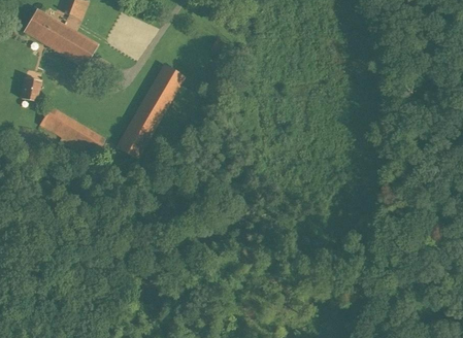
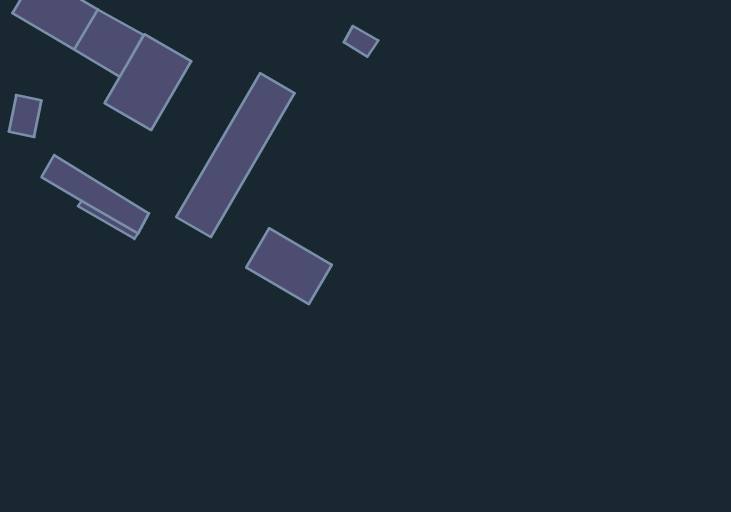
building: none -> [105,34,191,130]
building: none -> [246,228,332,304]

